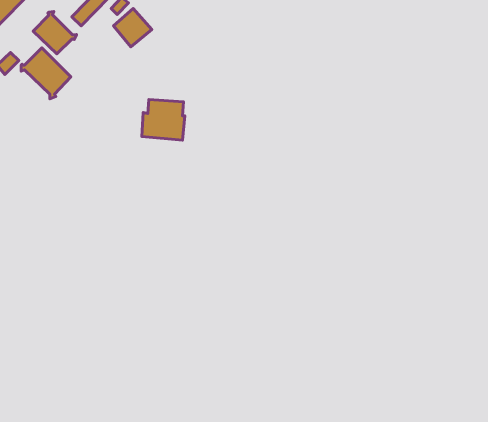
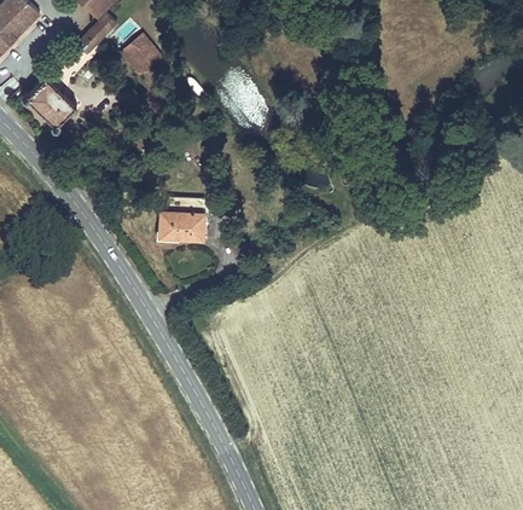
building: [33,12,76,54] -> none
building: [142,100,185,140] -> [159,197,204,239]

